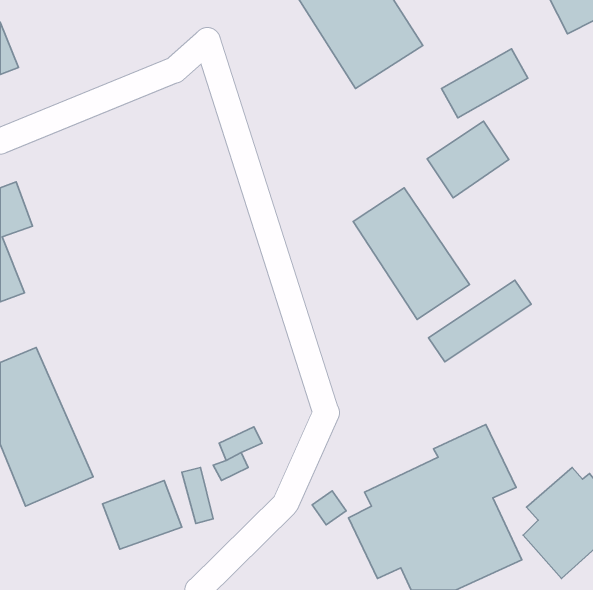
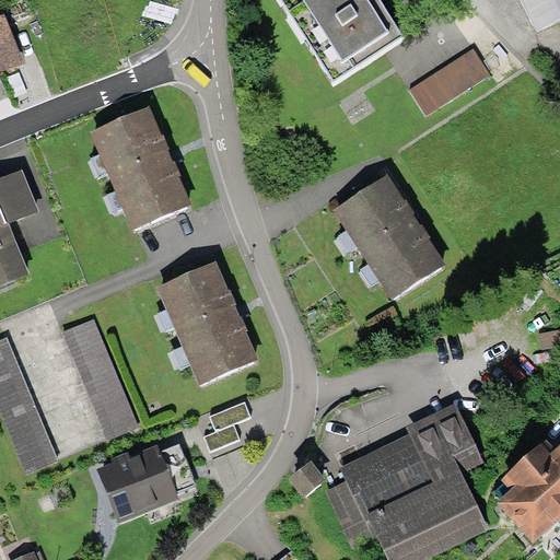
building: none -> [91,108,187,231]
building: [427,121,509,198] -> none
building: none -> [159,260,256,383]
building: [429,280,531,362] -> none
building: none -> [61,317,139,441]

